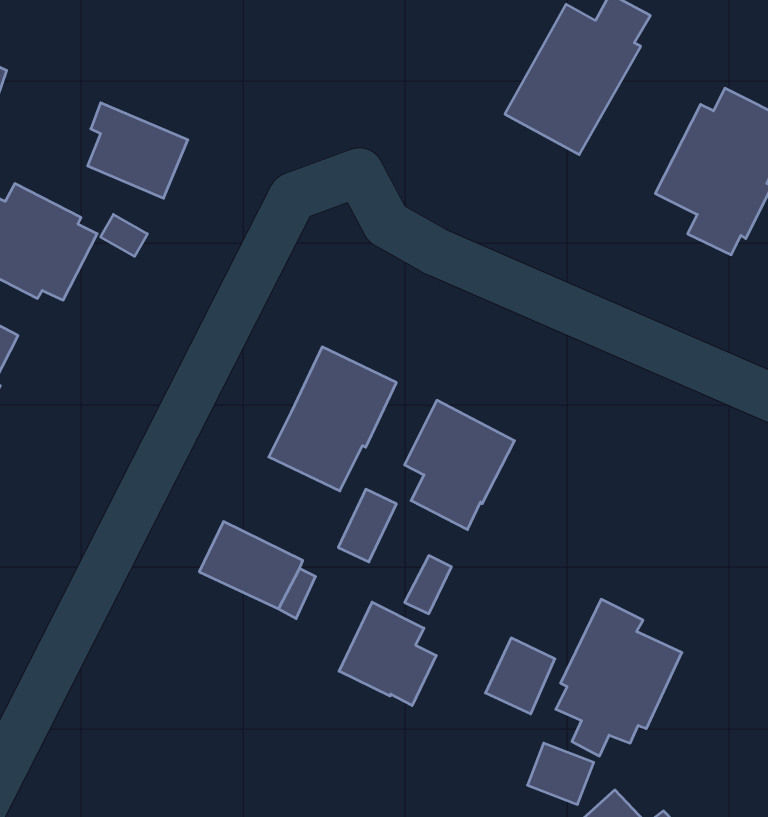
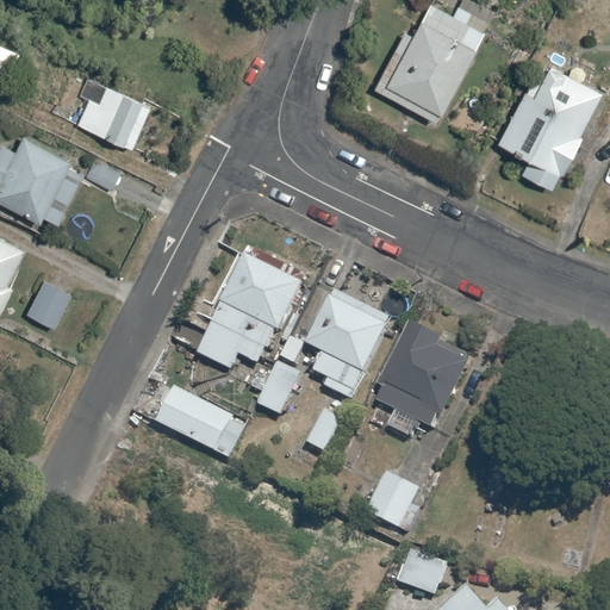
building: none -> [23,279,67,326]
building: [556,599,682,756] -> [376,320,469,436]
building: [339,602,436,706] -> none

